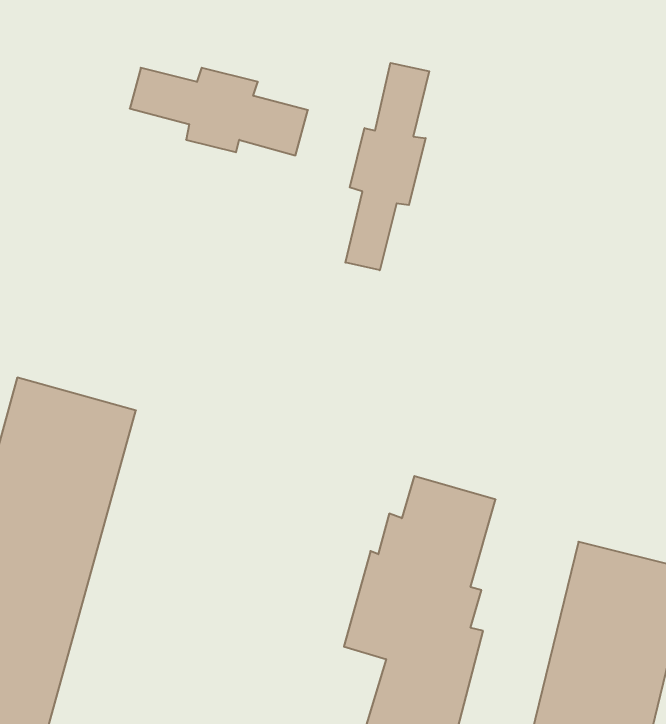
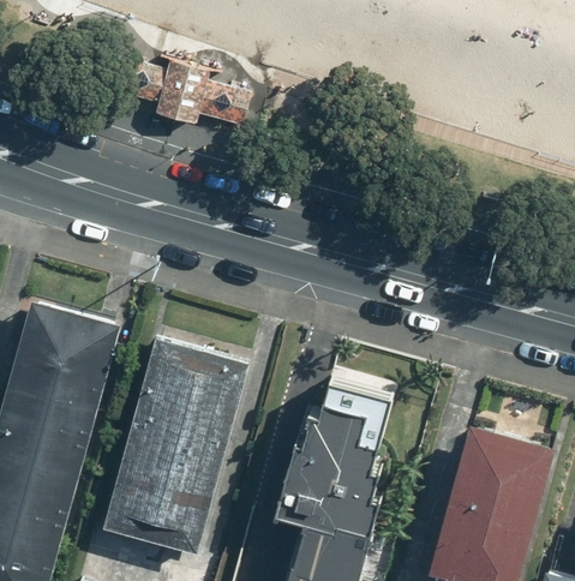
building: [345,63,429,270] -> none
building: none -> [98,336,247,556]

